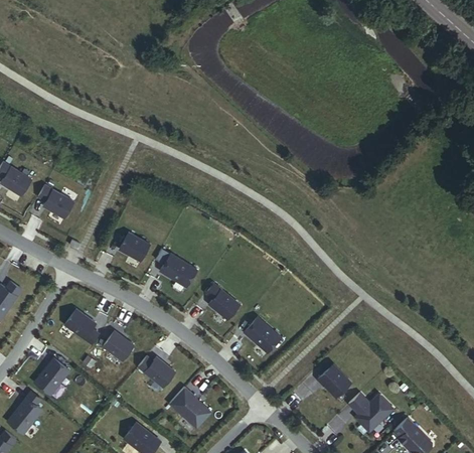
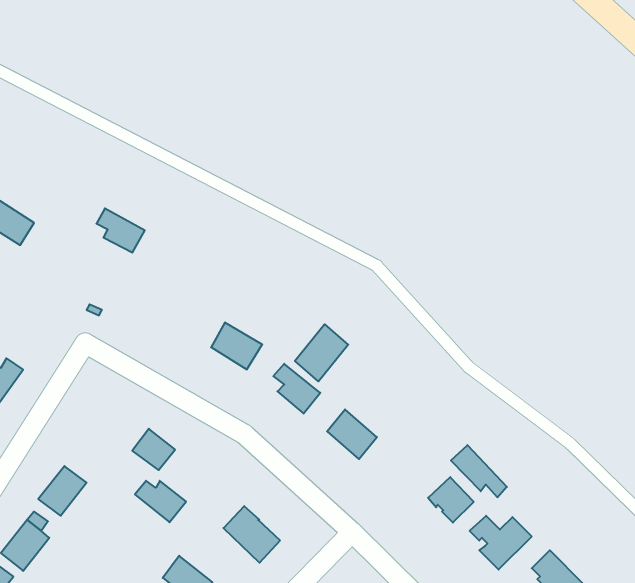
building: [37,185,72,217] -> [96,208,145,253]
building: [119,232,150,261] -> none
building: none -> [295,324,348,381]
building: [64,308,99,344] -> none
building: none -> [451,445,507,497]
building: [138,356,175,387] -> [135,481,186,522]

